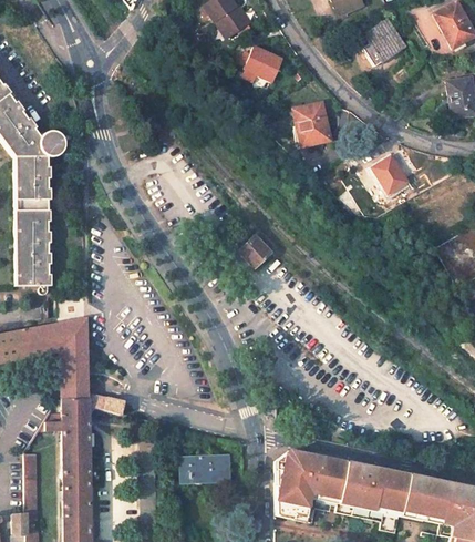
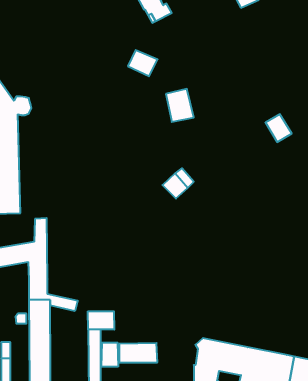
building: [358,21,405,68] -> none
building: [241,49,280,83] -> [128,50,158,76]
building: [293,103,330,146] -> [166,89,194,122]
building: none -> [88,311,114,330]
building: none -> [101,343,118,367]

